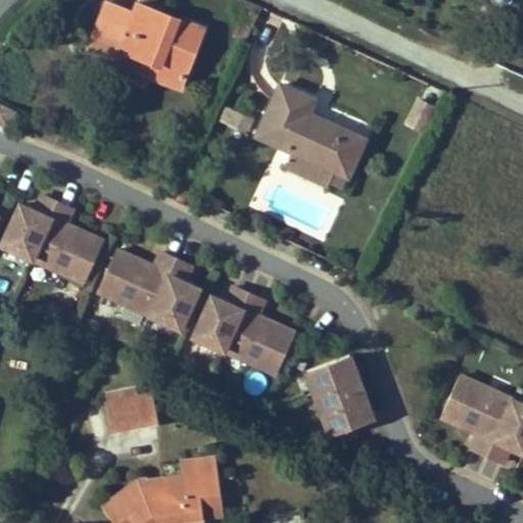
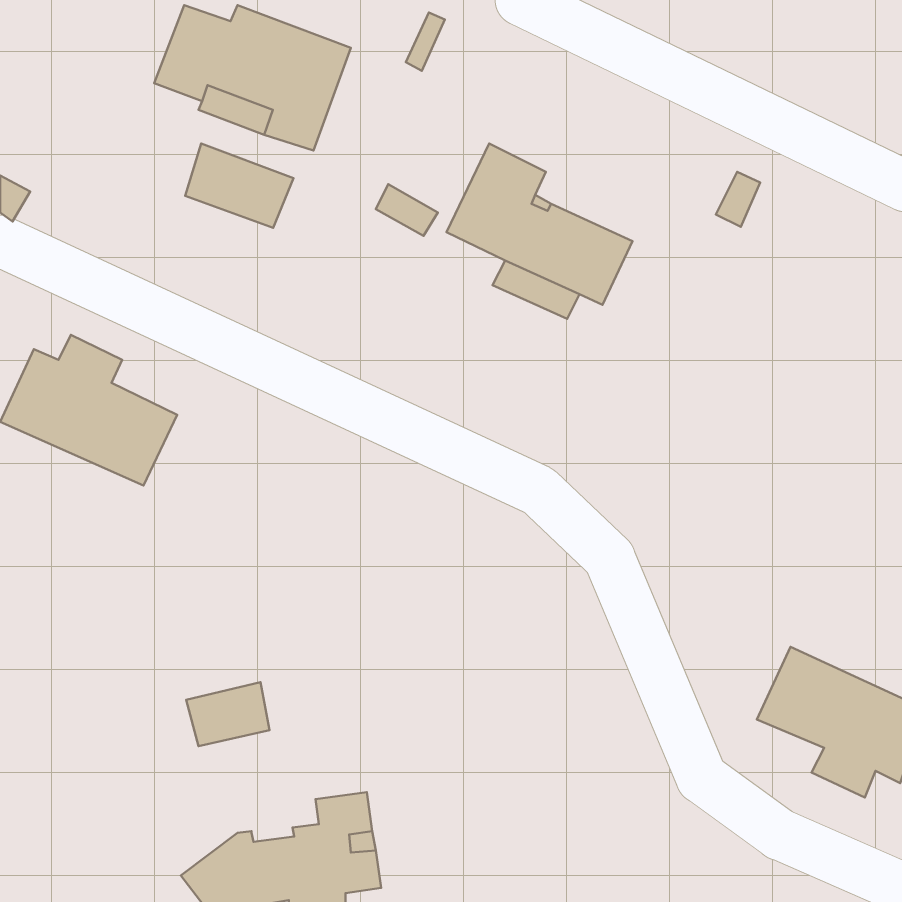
building: none -> [185,144,294,228]
building: [97,249,198,329] -> none
building: [193,287,294,372] -> none
building: [305,354,372,434] -> none

